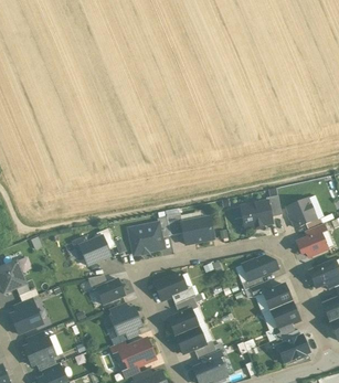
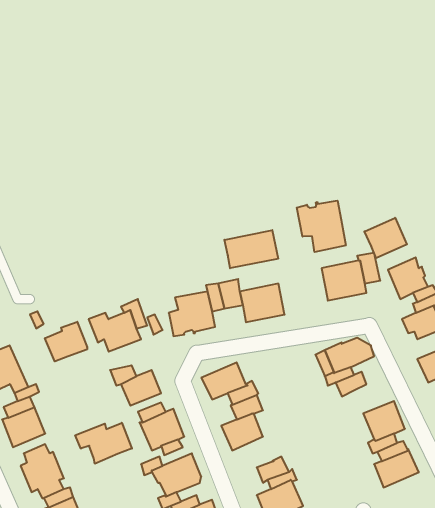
building: none -> [297,201,346,252]
building: none -> [364,218,407,258]
building: none -> [224,230,278,268]
building: none -> [45,322,87,361]
building: [263,285,292,310] -> none
building: none -> [75,423,132,464]
building: [176,327,205,353] -> none

